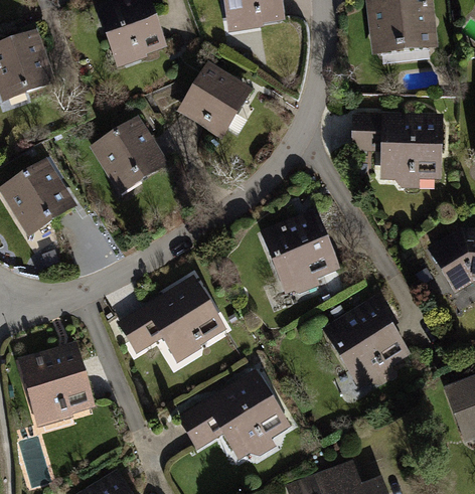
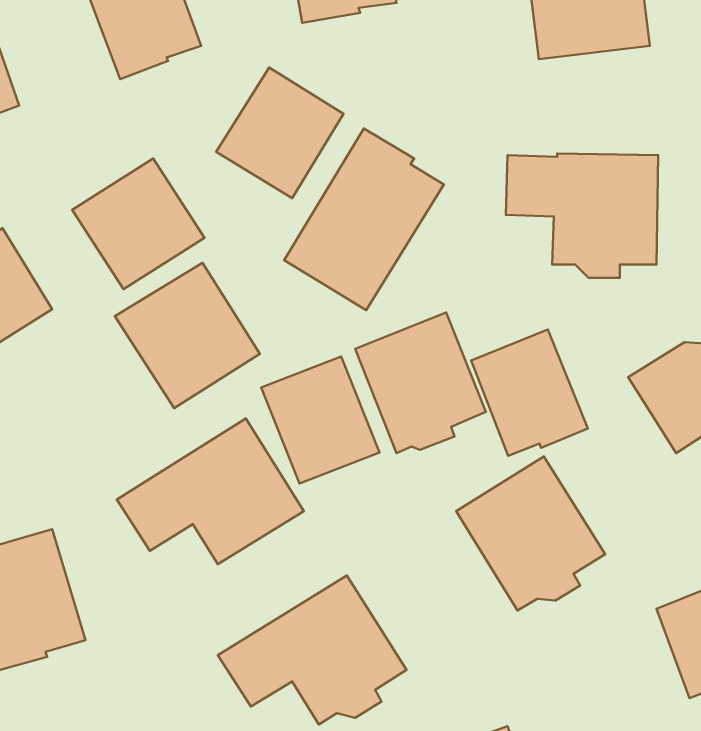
building: none -> [284,129,444,310]
building: none -> [115,263,260,408]
building: none -> [471,330,588,456]
building: none -> [261,357,380,483]

